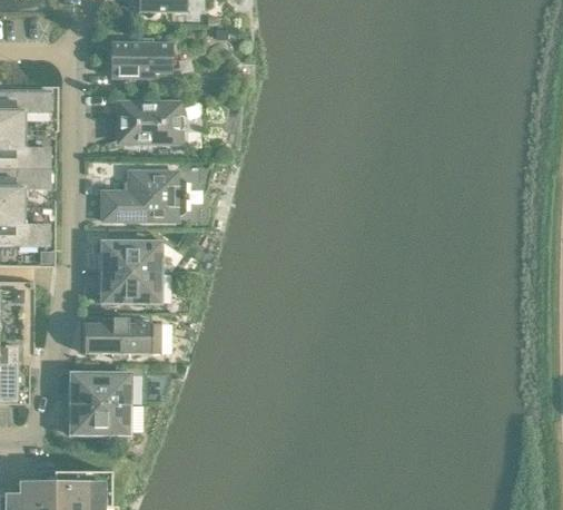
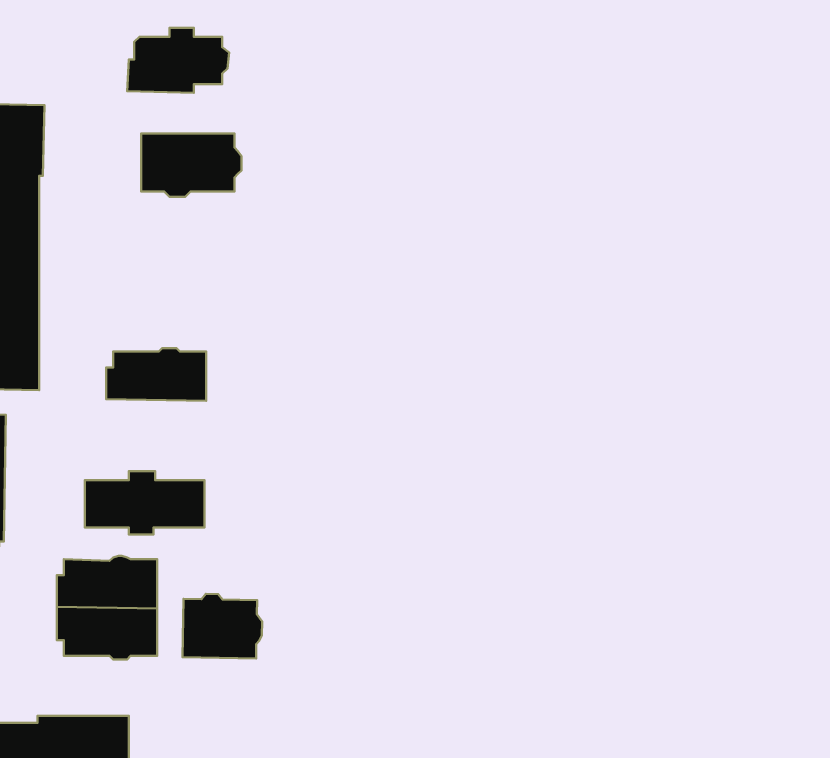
building: [100,170,185,220] -> none
building: [96,272,159,305] -> none
building: none -> [183,594,262,658]

